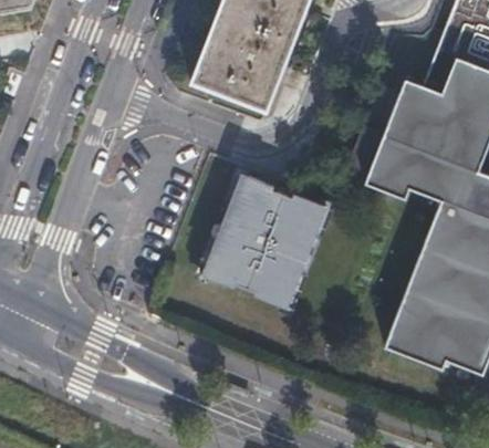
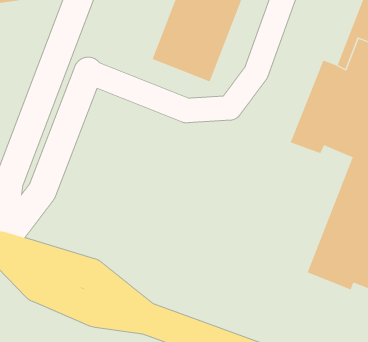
building: [204,173,326,306] -> none

